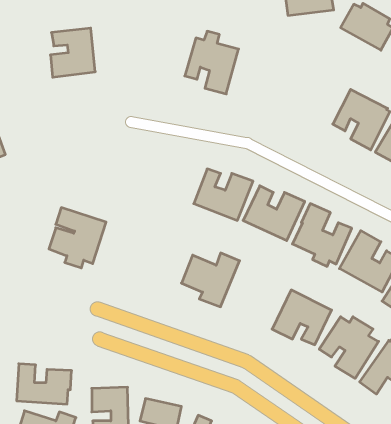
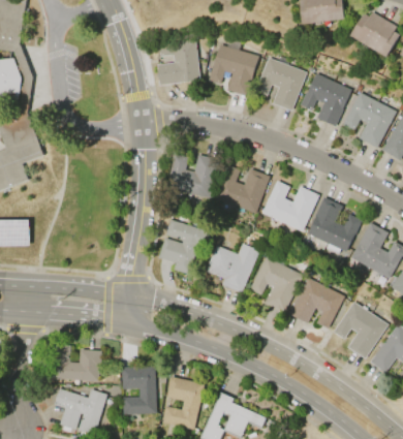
building: [50,28,95,77] -> [157,39,198,85]
building: none -> [254,56,305,109]
building: none -> [300,73,350,125]
building: none -> [168,154,220,198]
building: [49,208,106,268] -> [158,219,211,275]
building: none -> [248,256,302,312]

